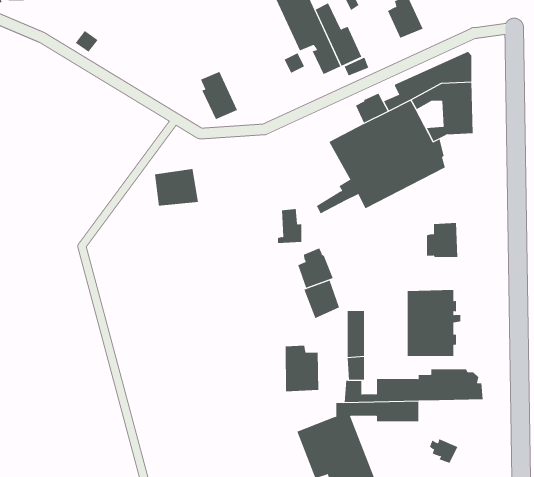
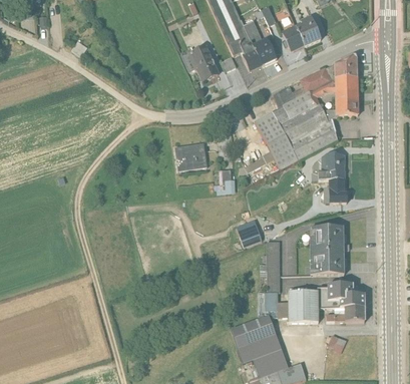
building: none -> [282,25,305,52]
building: [200,71,238,120] -> [191,44,219,79]
building: [154,169,199,206] -> [175,142,208,169]
building: none -> [319,152,346,178]
building: [297,247,333,289] -> none
building: [285,345,319,392] -> none
building: none -> [326,305,365,321]

